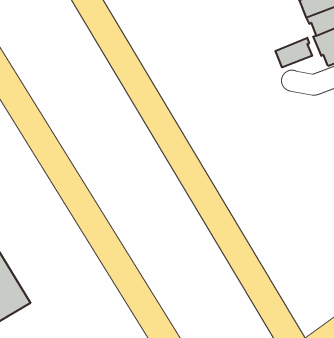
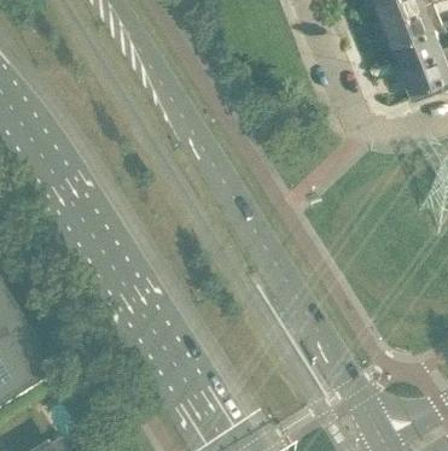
building: [275,38,312,67] -> none

